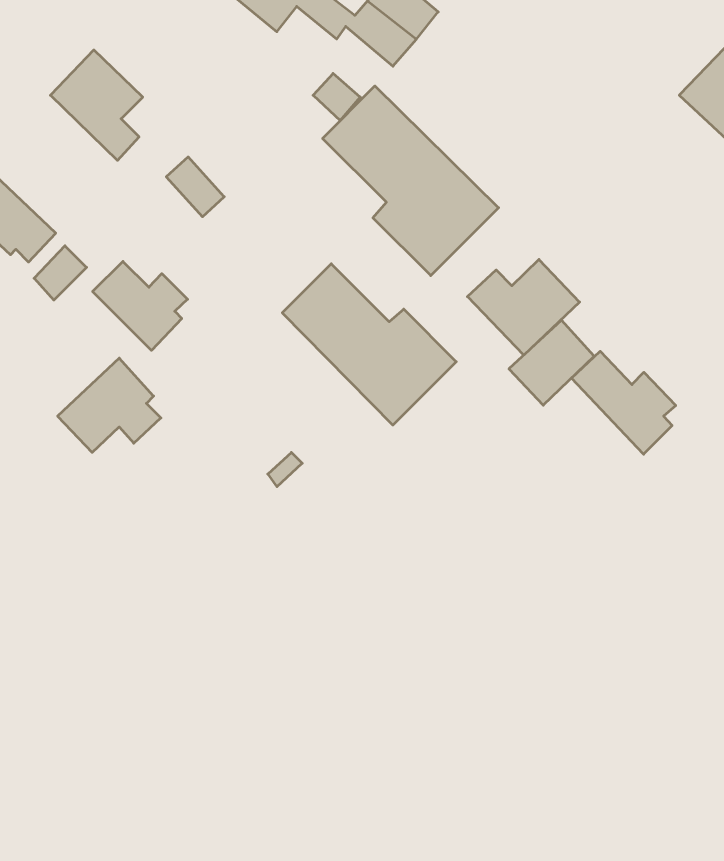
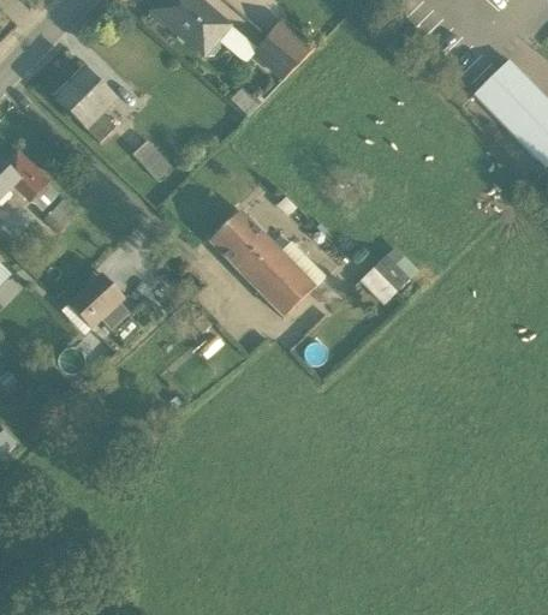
building: [323,86,499,276] -> none
building: [467,259,580,355] -> none
building: [93,261,188,350] -> none
building: [571,351,676,454] -> none

